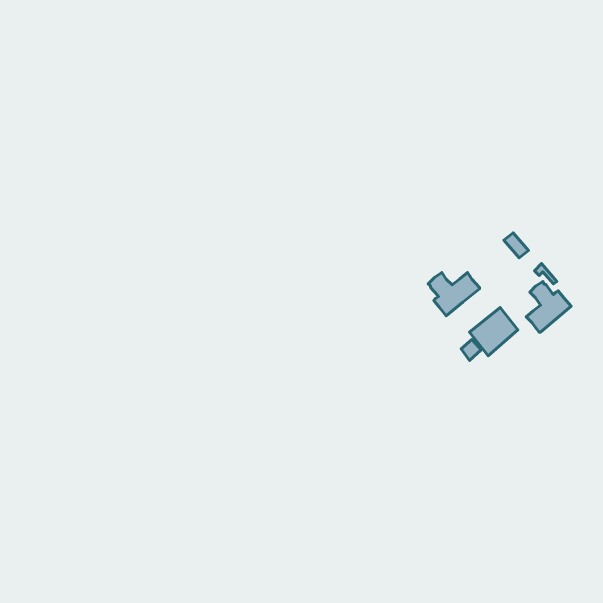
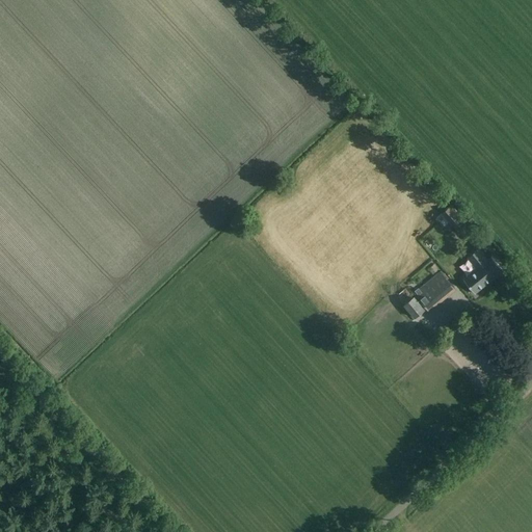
building: [428,273,480,316] -> none

